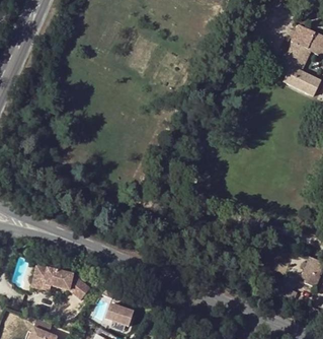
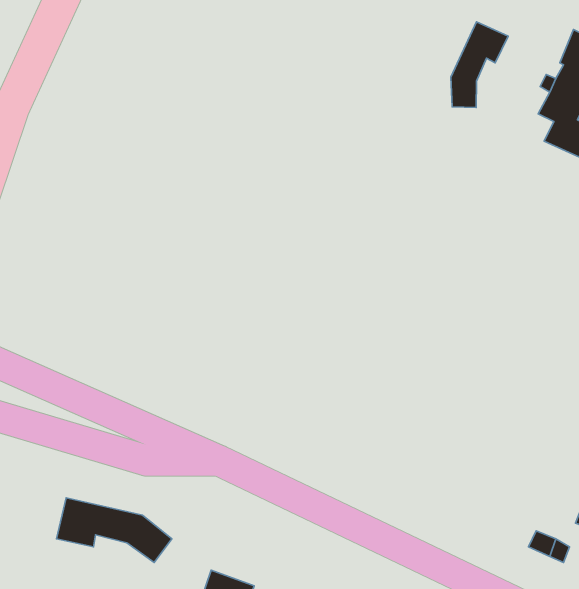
building: none -> [451,22,508,108]

